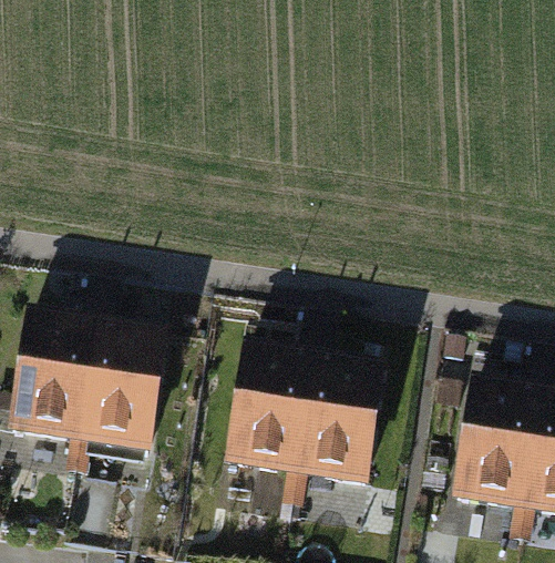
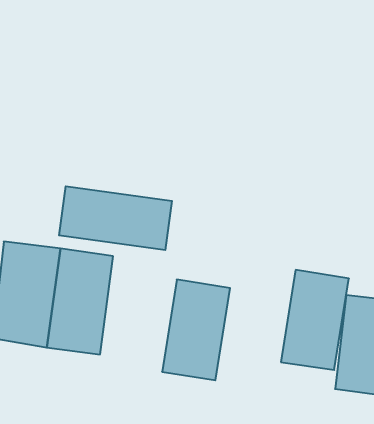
building: none -> [59,186,172,250]
building: [297,377,384,505] -> [281,270,349,370]

